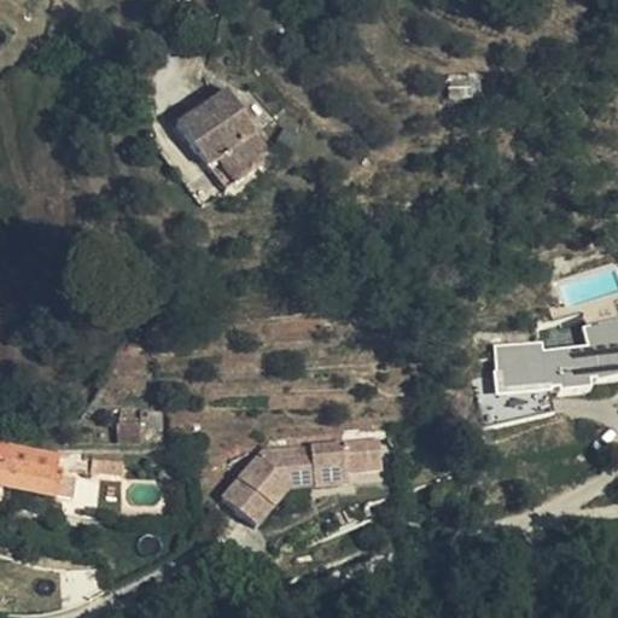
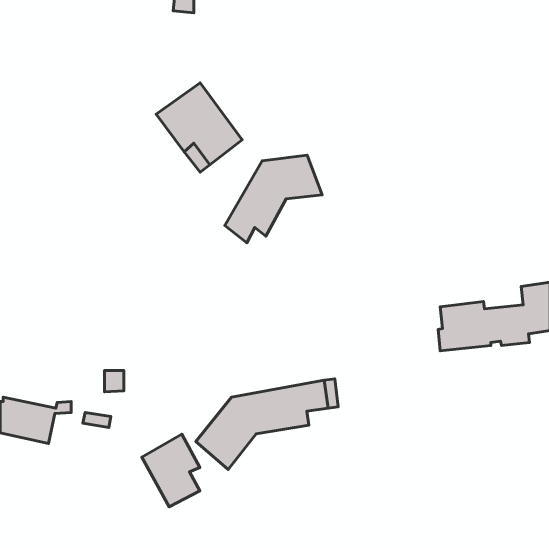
building: none -> [225,155,322,243]
building: none -> [142,434,200,507]

